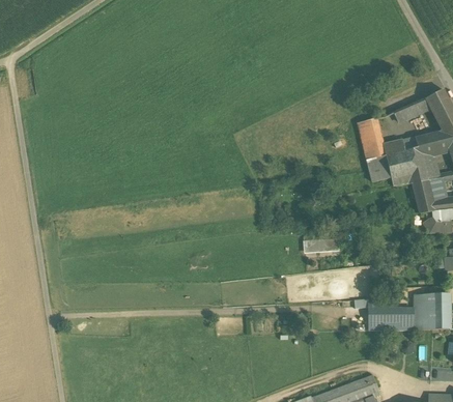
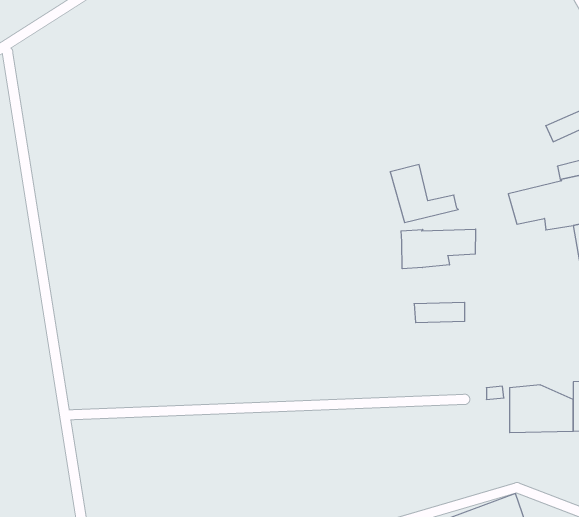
building: [357,118,405,160] -> [390,165,458,223]
building: none -> [401,229,476,269]

